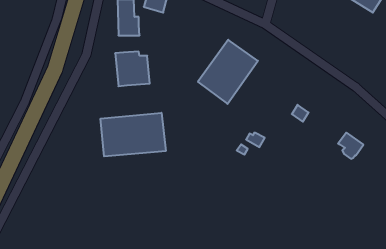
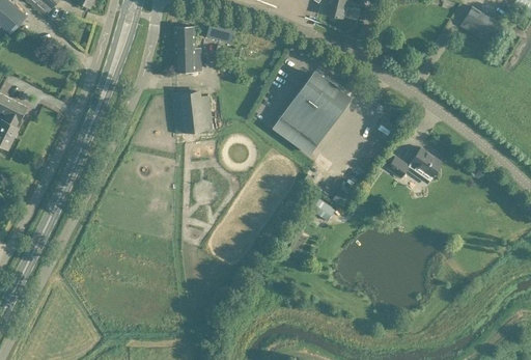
building: [101,113,166,156] -> none
building: [338,133,363,159] -> [411,147,442,179]

